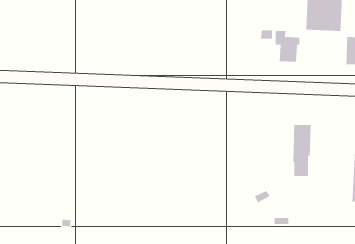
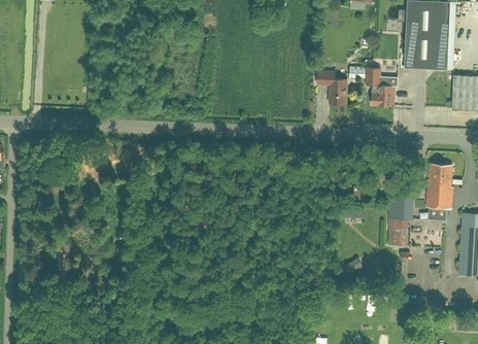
building: none -> [317,71,347,104]
building: none -> [426,164,453,209]

